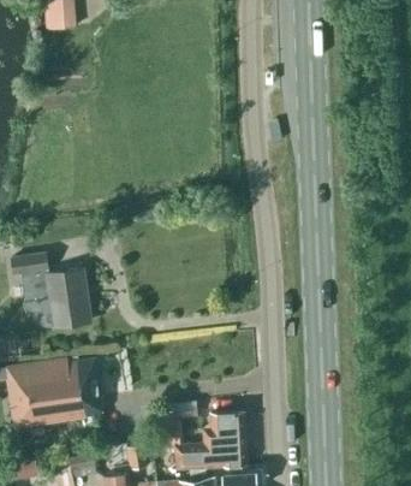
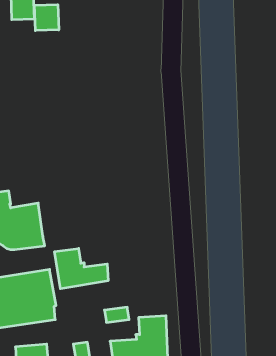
building: none -> [34,5,59,31]
building: none -> [55,248,108,289]

